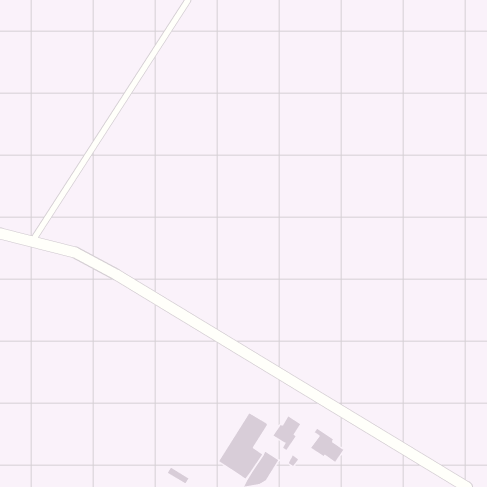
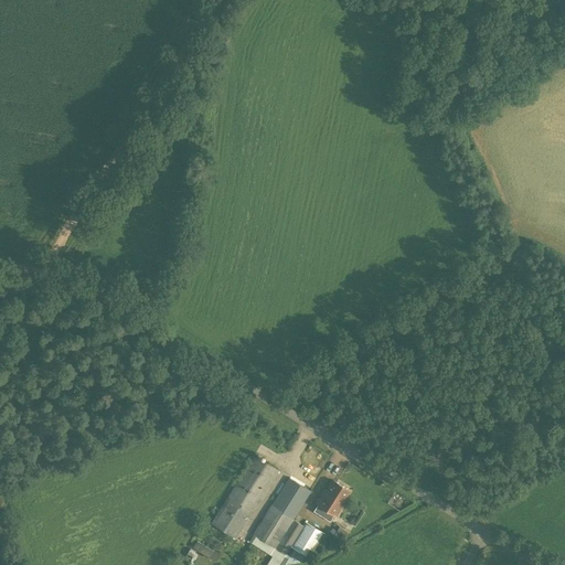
building: none -> [205,456,278,540]
building: [310,428,344,463] -> none

